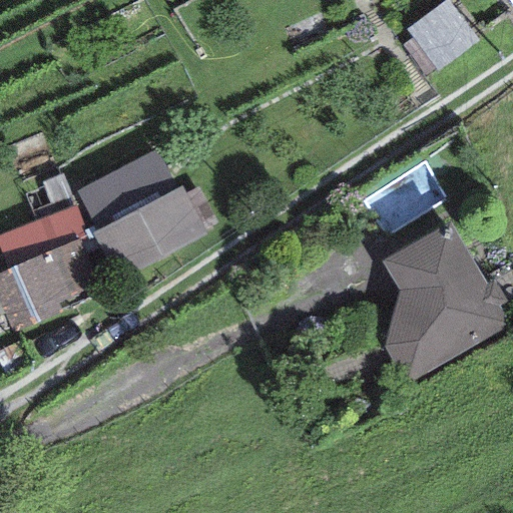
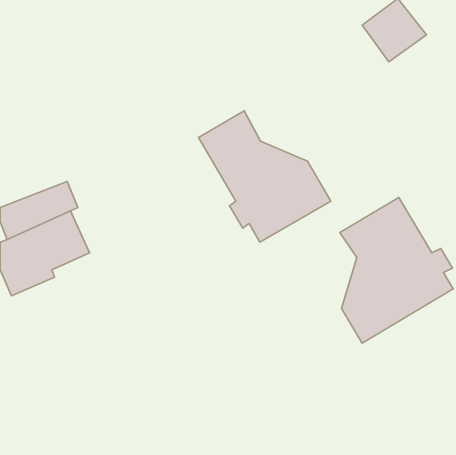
building: none -> [198,111,331,242]
building: [76,148,206,279] -> none

